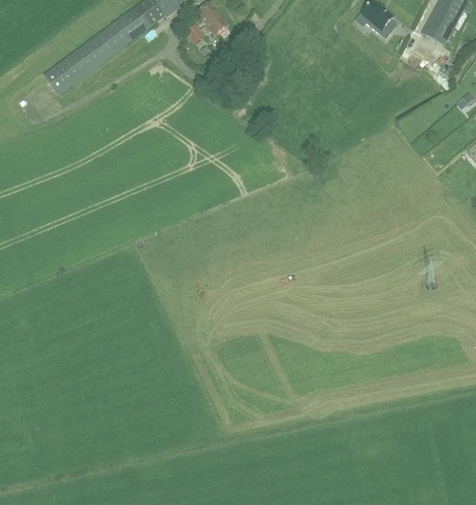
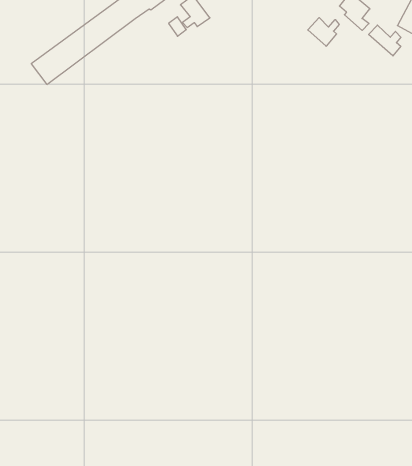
building: none -> [308,18,339,46]
building: none -> [369,25,401,56]

